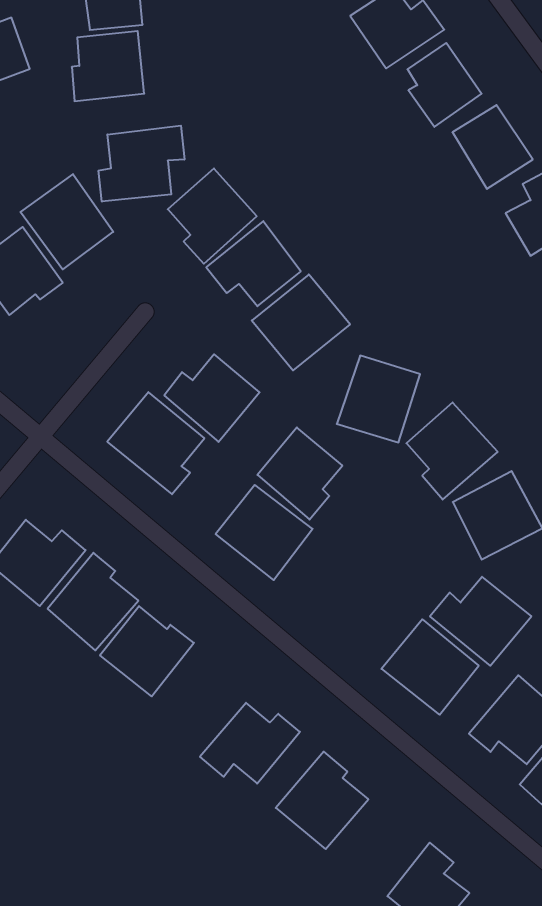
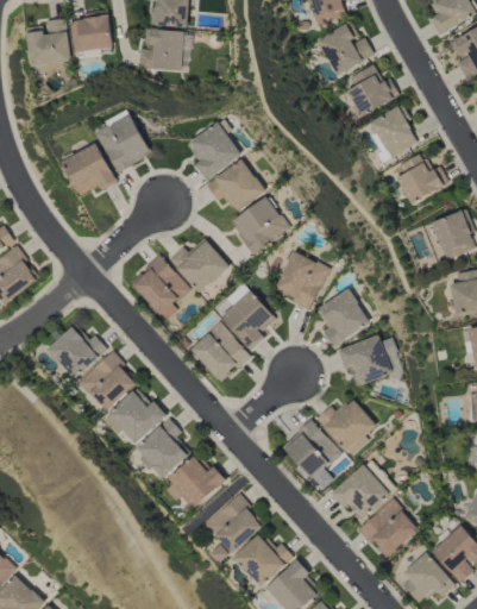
building: [99,126,184,202] -> none
building: none -> [134,419,189,478]
building: none -> [232,535,293,588]

